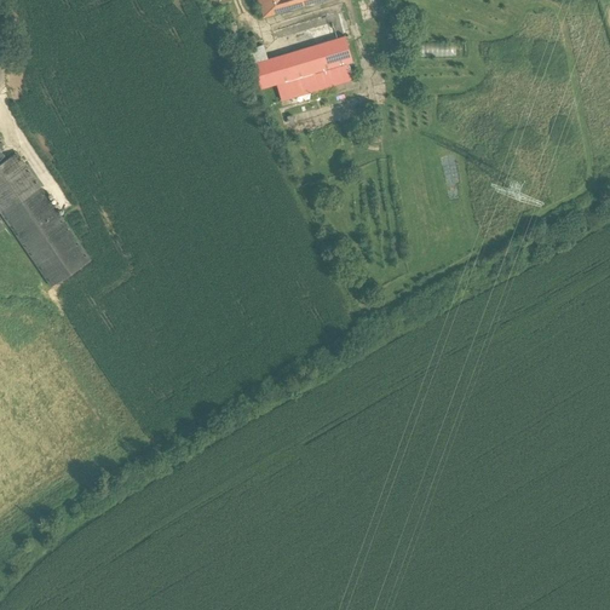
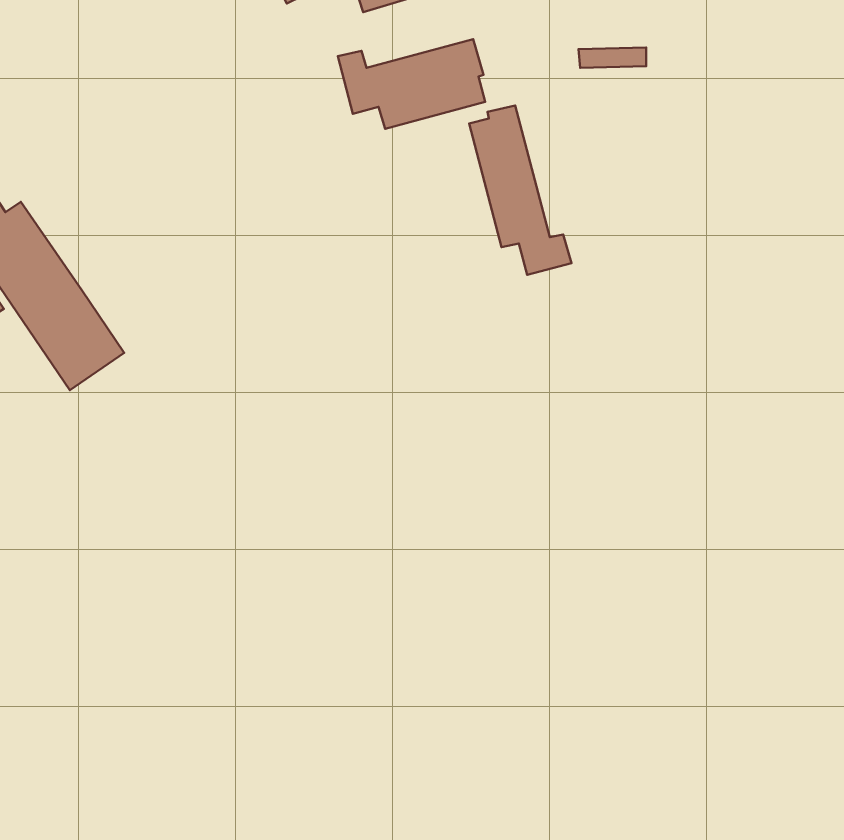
building: none -> [469,106,572,275]

